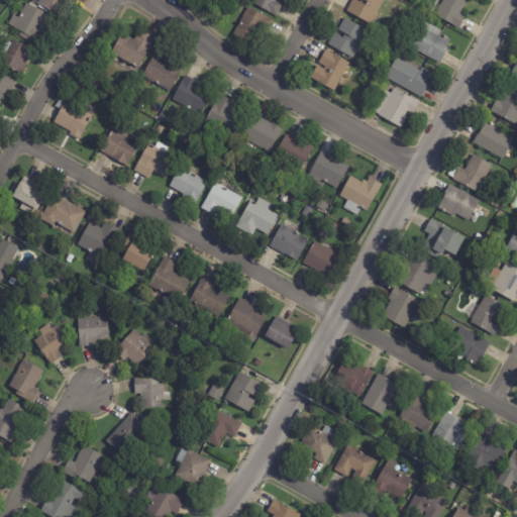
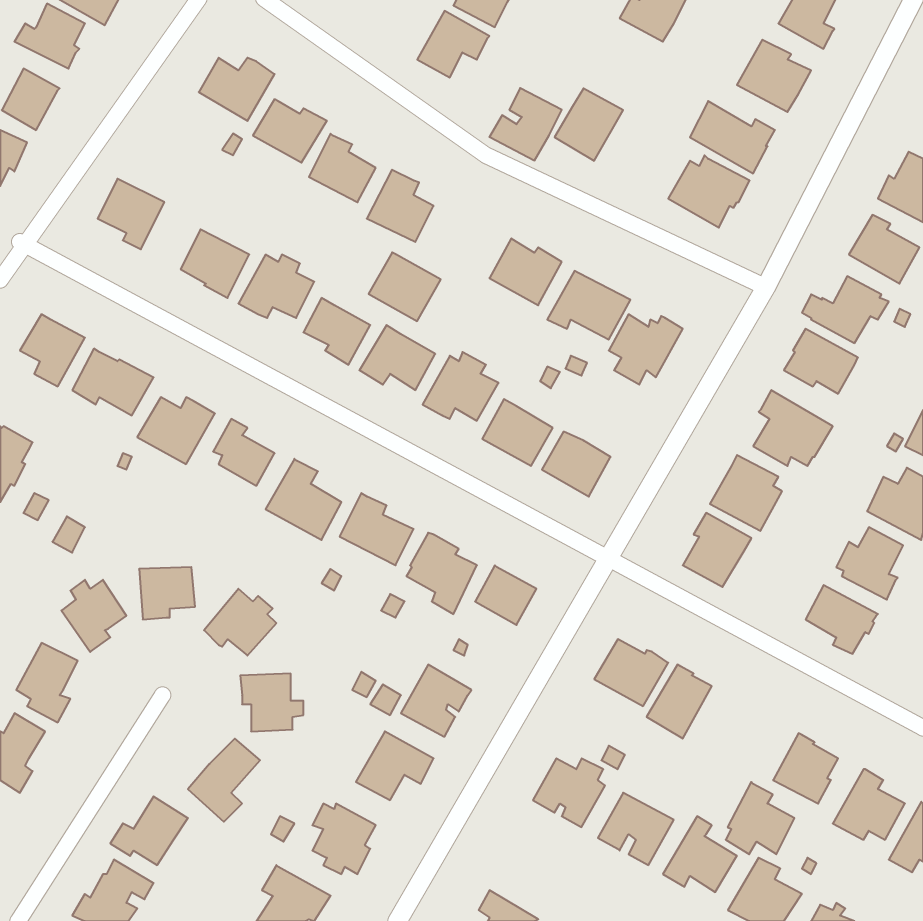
building: [328,17,369,58] -> [489,88,562,160]
building: [241,113,282,151] -> [369,252,441,321]
building: [399,391,437,431] -> [726,782,794,854]

